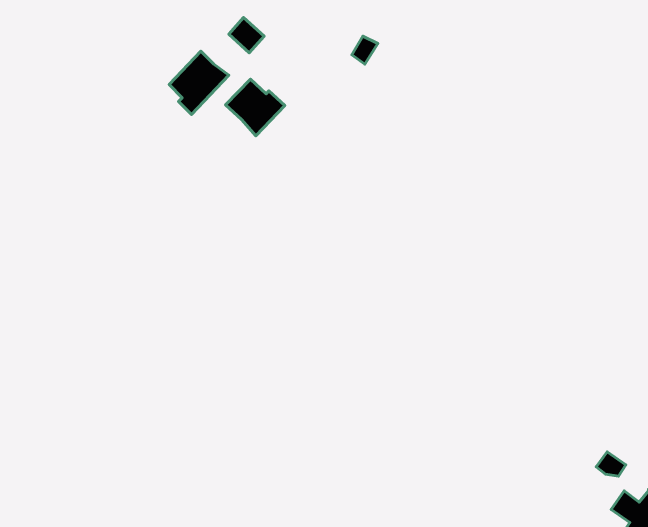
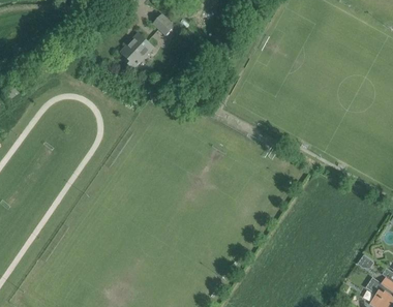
building: [225,79,285,136] -> none

